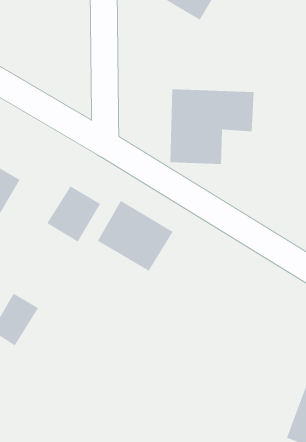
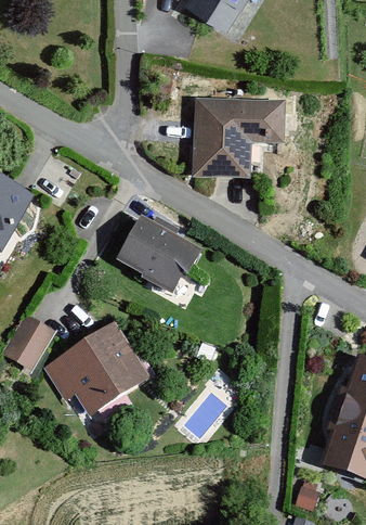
building: [47,186,101,243] -> none
building: none -> [43,321,148,413]

